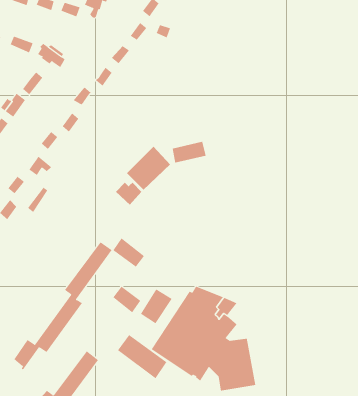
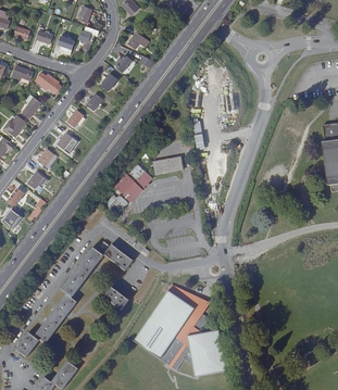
building: [140,289,173,324] -> none
building: [117,334,167,379] -> none

